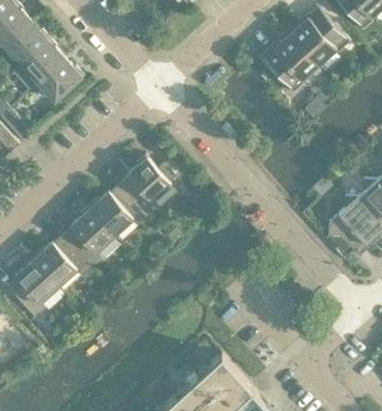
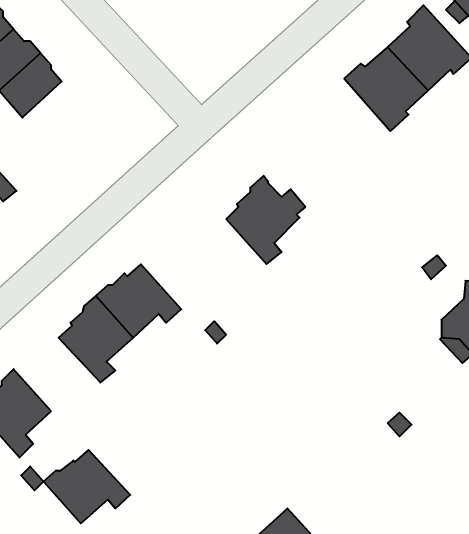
building: [37,59,84,103] -> none
building: [119,156,174,217] -> [226,176,305,264]
building: [31,237,91,287] -> [44,450,130,523]

